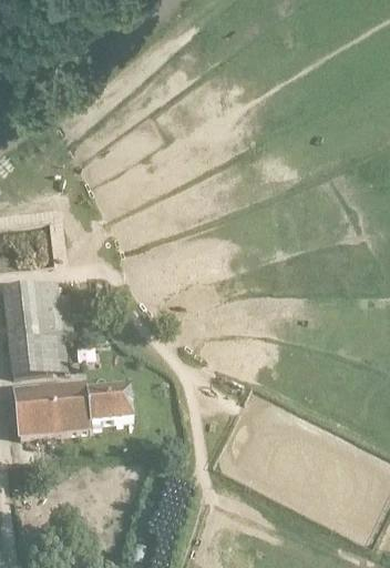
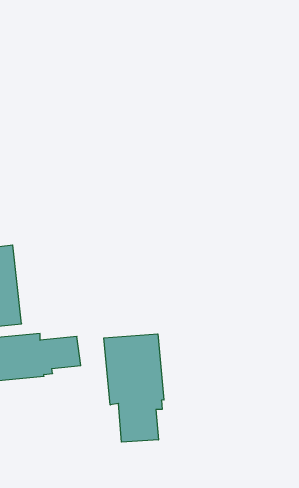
building: none -> [104,334,164,442]

